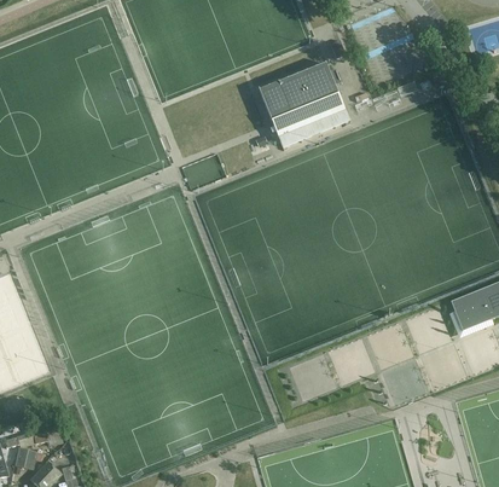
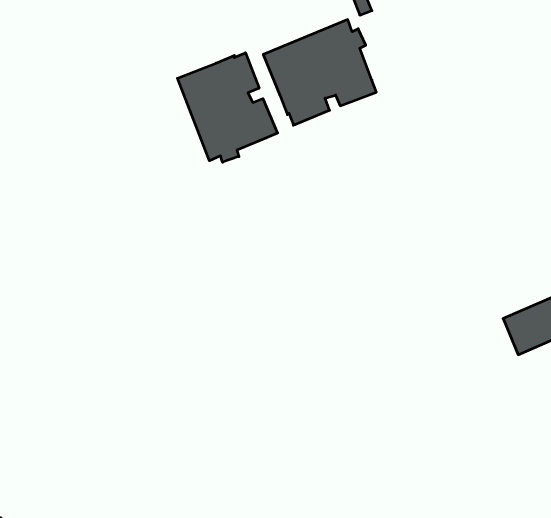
building: none -> [177,53,278,162]

